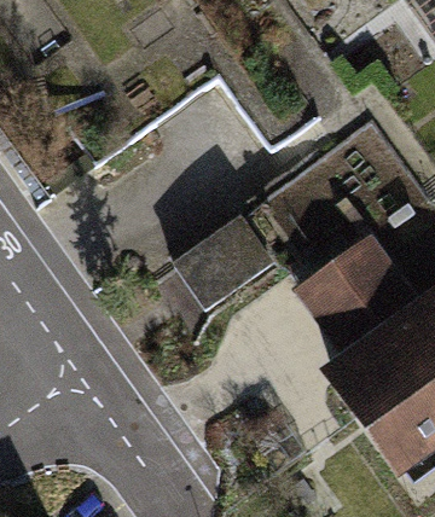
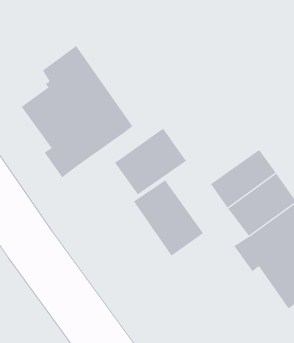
building: none -> [21,45,133,178]
building: none -> [133,179,204,256]

